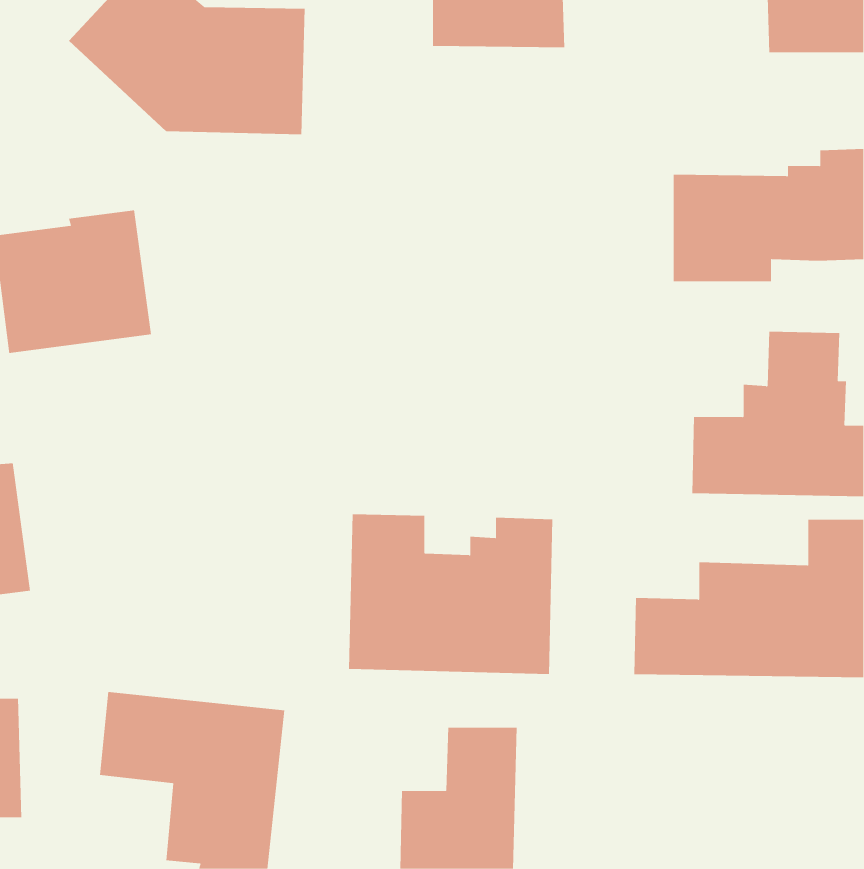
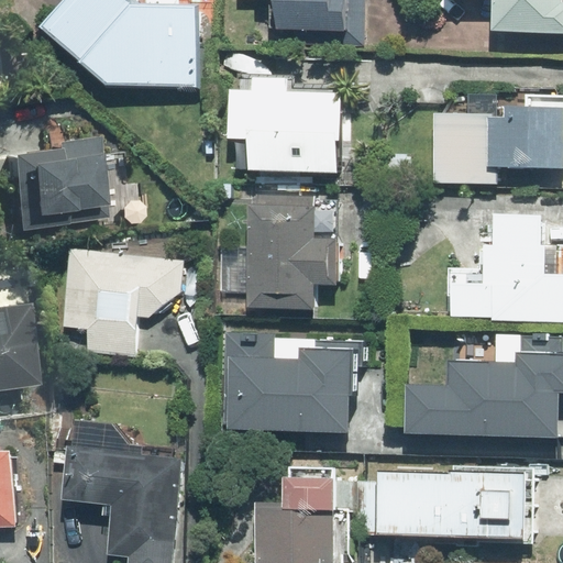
building: none -> [231,76,343,175]
building: none -> [247,194,338,309]
building: none -> [64,249,181,357]
building: none -> [358,467,531,533]

